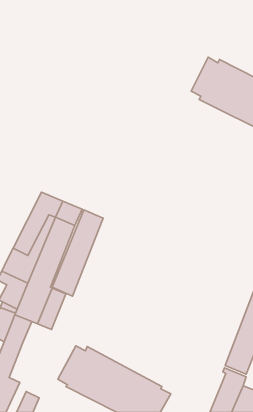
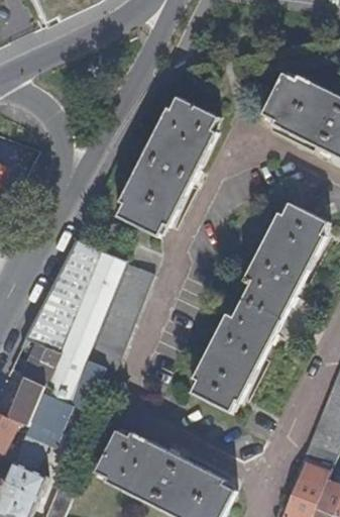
building: none -> [119,96,219,235]
building: none -> [192,202,328,412]

